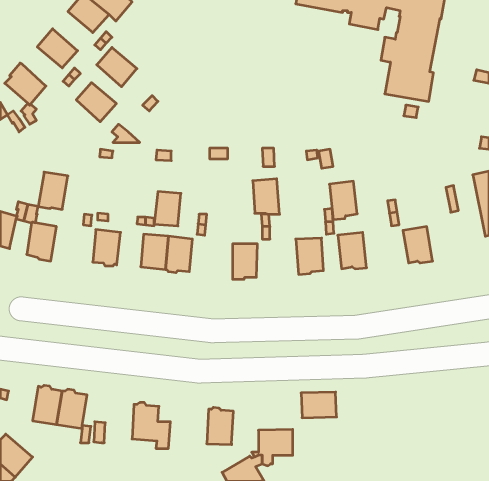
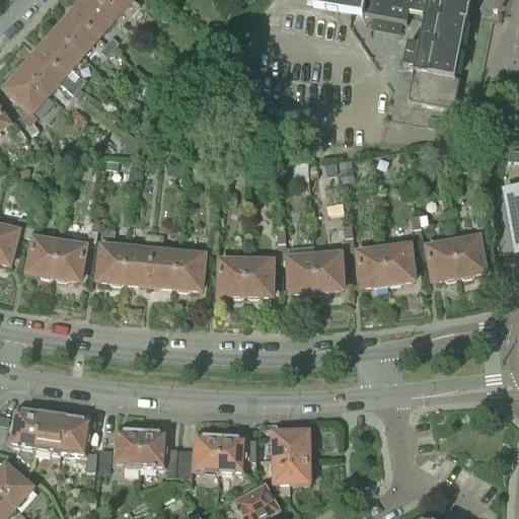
building: [97,47,137,87] -> [56,12,98,54]
building: [76,83,116,122] -> [23,50,66,91]
building: [38,172,68,209] -> [54,240,85,280]
building: [253,179,280,214] -> [288,253,316,291]
building: [329,181,357,220] -> [384,243,414,284]
building: [154,192,181,226] -> [124,246,152,283]
building: none -> [452,235,485,277]
building: none -> [219,257,246,296]
building: none -> [9,405,41,446]
building: [301,392,337,418] -> [273,429,310,456]
building: none -> [114,426,142,465]
building: none -> [178,431,221,476]

